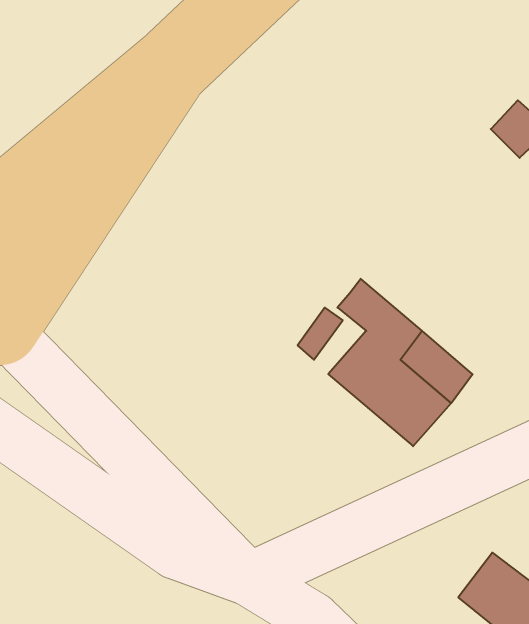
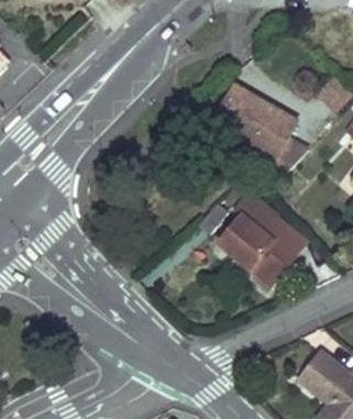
building: none -> [214,90,307,178]

